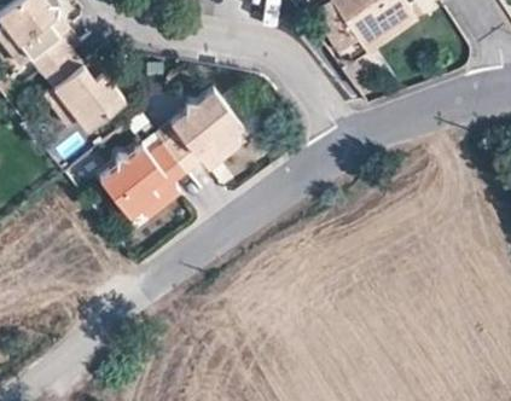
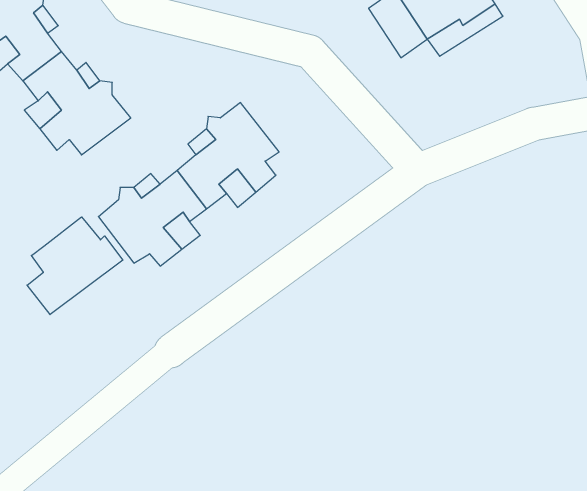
building: none -> [27,217,123,315]

